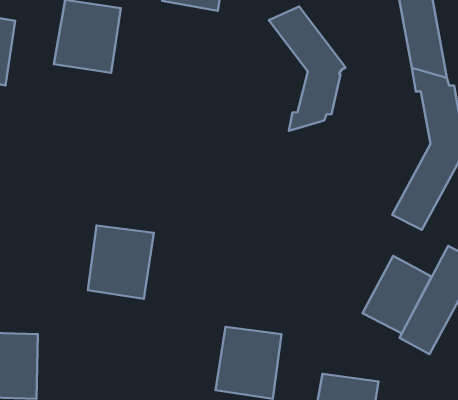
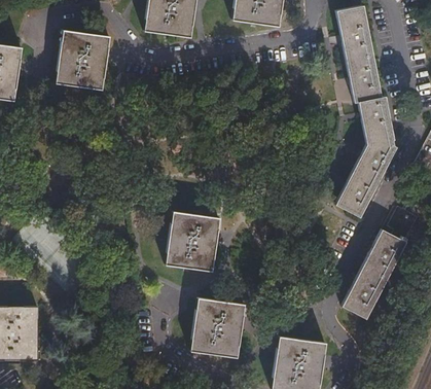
building: [269,7,345,131] -> none
building: [88,225,154,299] -> [165,211,219,272]
building: [362,256,431,334] -> none

